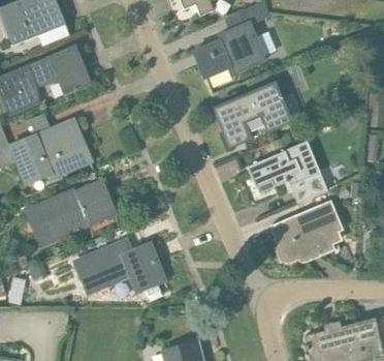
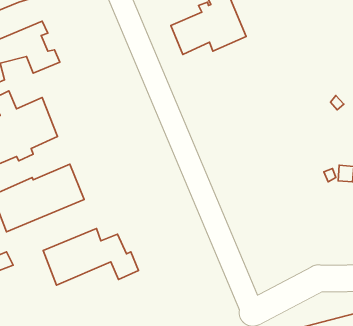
building: [215,84,288,145] -> none
building: [247,141,328,203] -> none
building: [276,203,340,261] -> none

